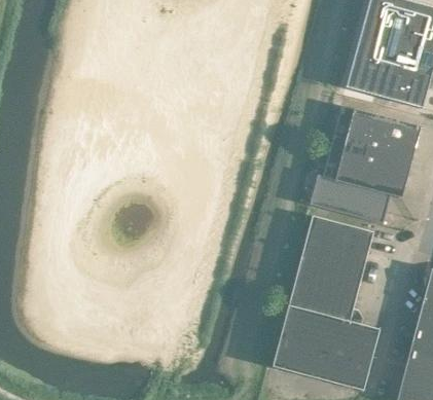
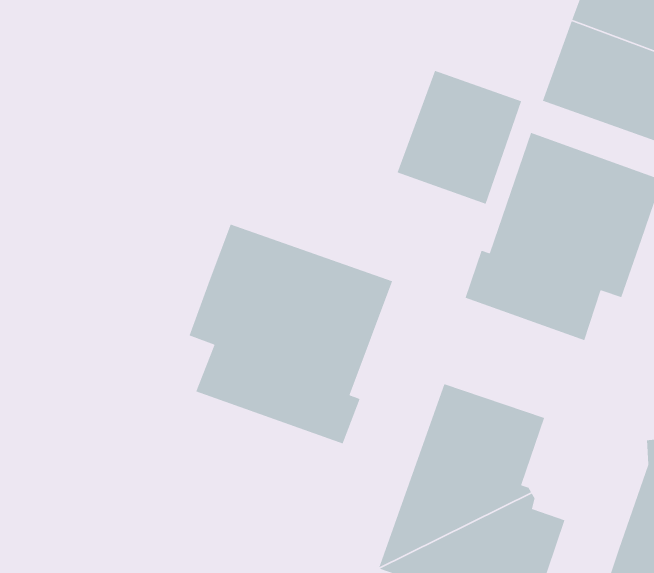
building: none -> [397,70,522,205]
building: none -> [189,223,393,444]
building: [301,216,372,270] -> none

